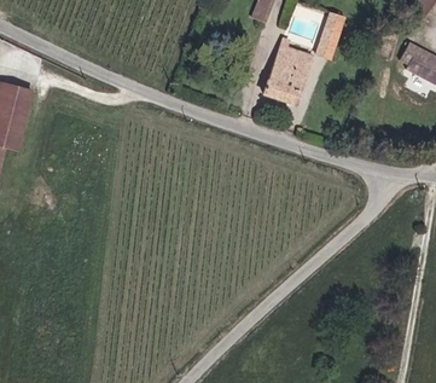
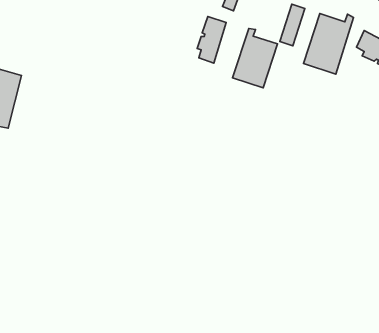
building: none -> [303,13,354,74]
building: none -> [197,16,226,63]

